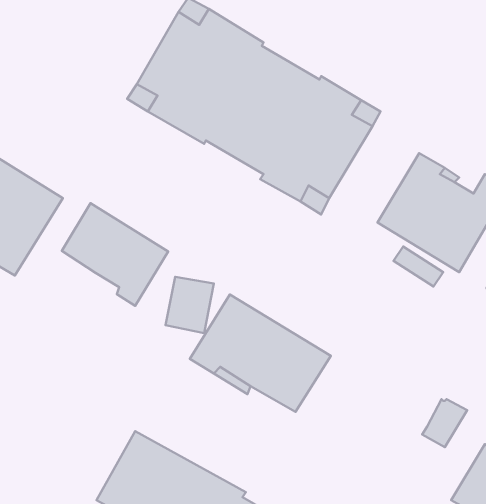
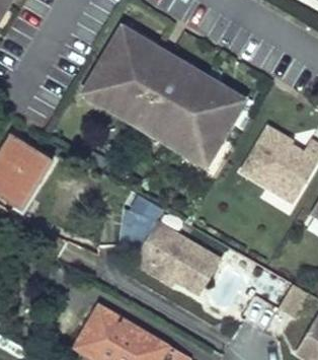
building: [62,203,168,306] -> none

